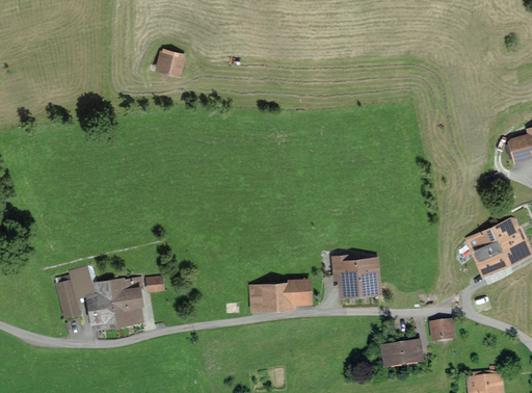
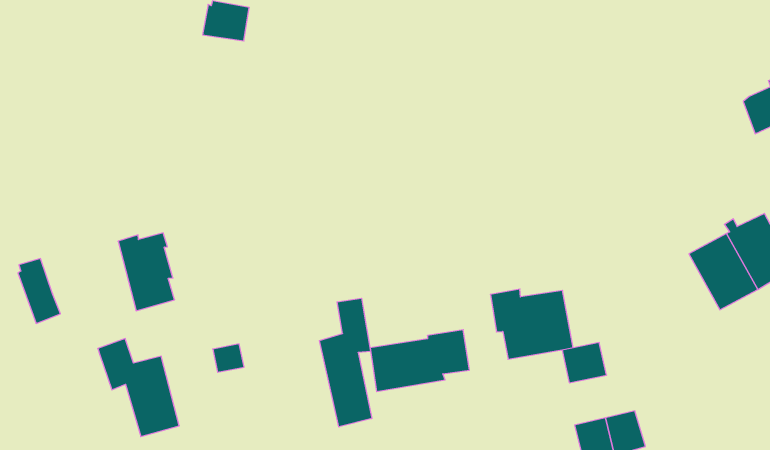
building: none -> [319,298,372,427]
building: [55,274,81,317] -> [18,259,60,323]
building: [111,276,145,325] -> [118,233,175,311]
building: [429,318,457,343] -> [562,343,607,383]

